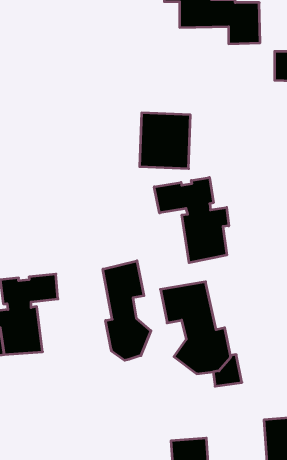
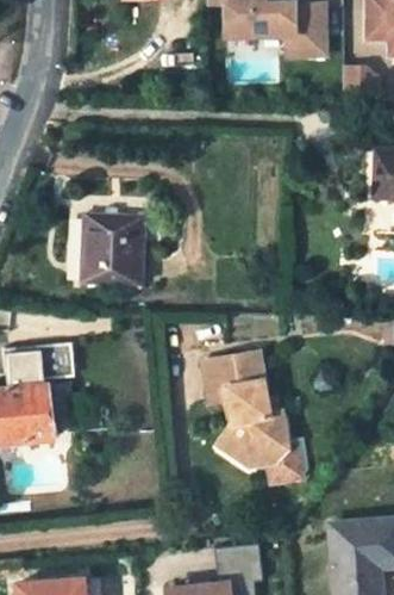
building: [140,113,190,169] -> [82,215,145,284]
building: [154,177,229,263] -> none
building: [103,261,151,360] -> none

